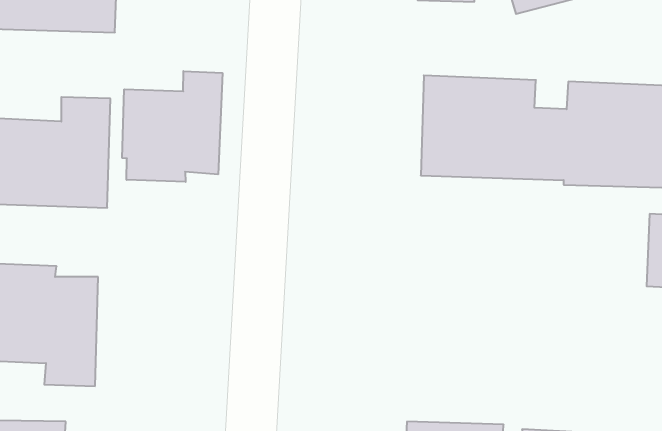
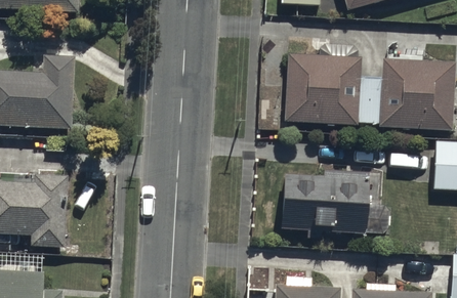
building: [122,71,222,182] -> none
building: none -> [287,172,391,241]

